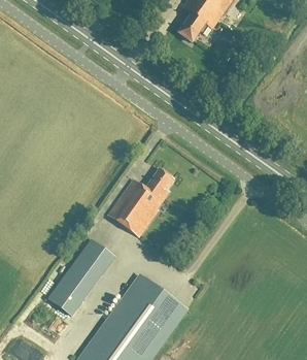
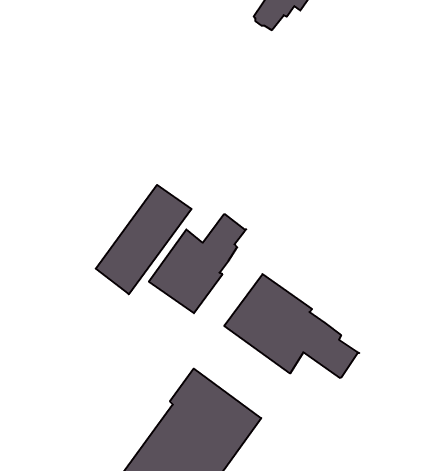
building: none -> [224,274,359,378]
building: [47,239,113,315] -> [96,185,192,294]

